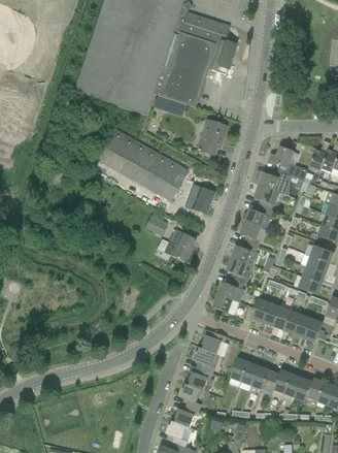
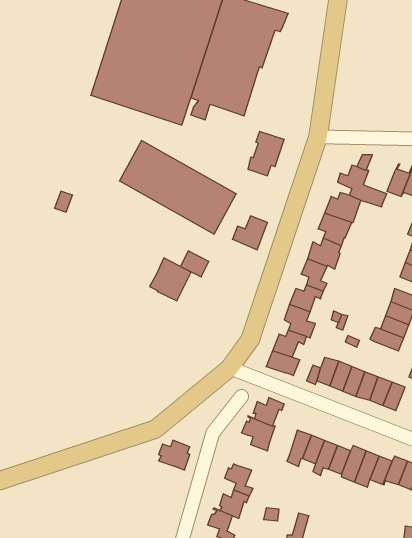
building: [209,39,235,74] -> none
building: [163,228,196,262] -> [150,258,191,301]
building: [189,368,213,392] -> [159,440,190,470]

